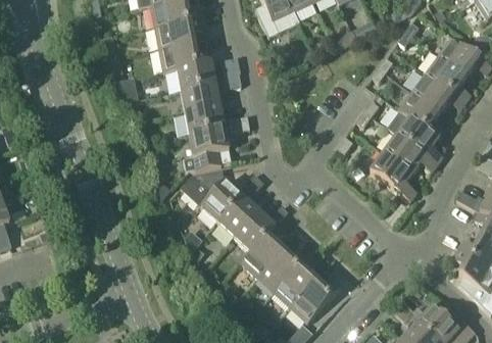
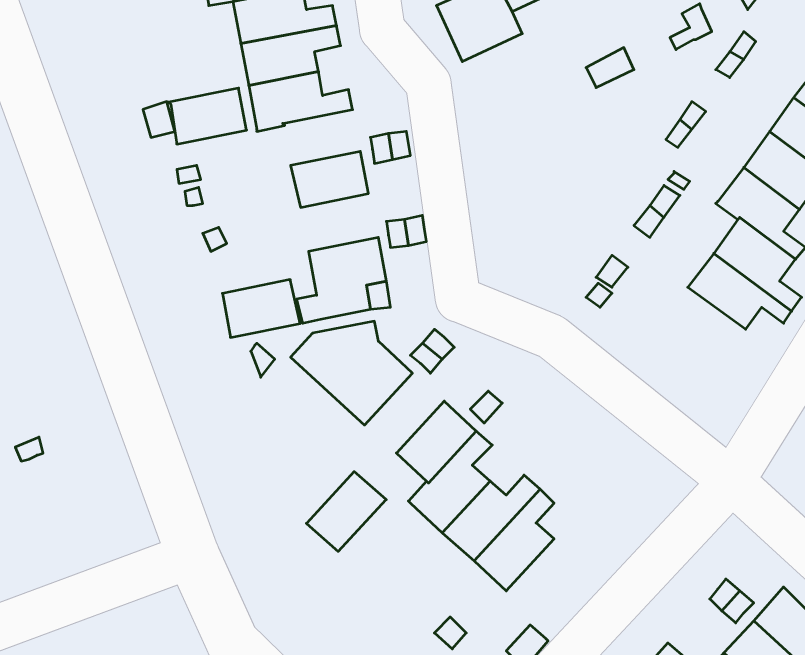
building: [176,61,215,90] -> [169,88,247,144]
building: [185,104,225,134] -> [222,280,300,337]
building: [370,152,414,200] -> none
building: [217,196,258,237] -> [306,472,386,551]
building: [290,278,340,323] -> none

